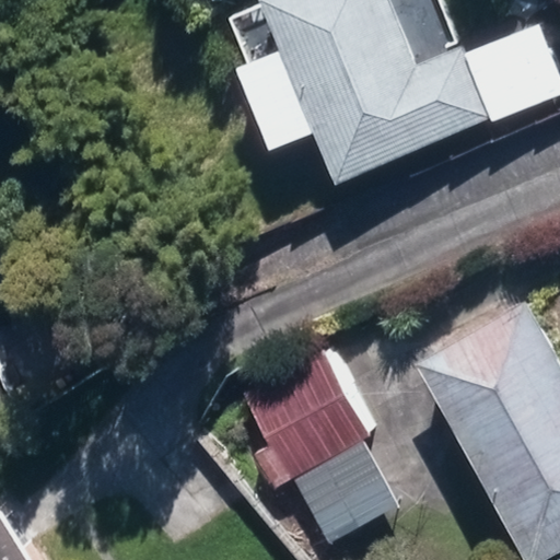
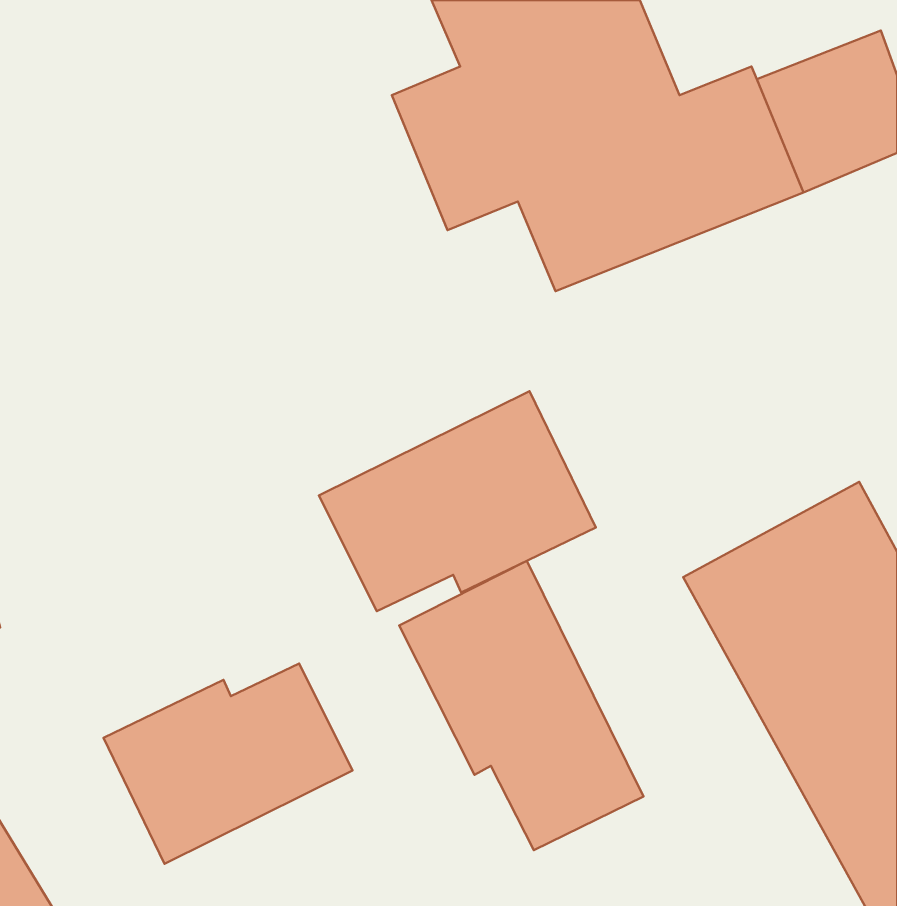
building: none -> [319,391,596,611]
building: none -> [103,664,353,864]

